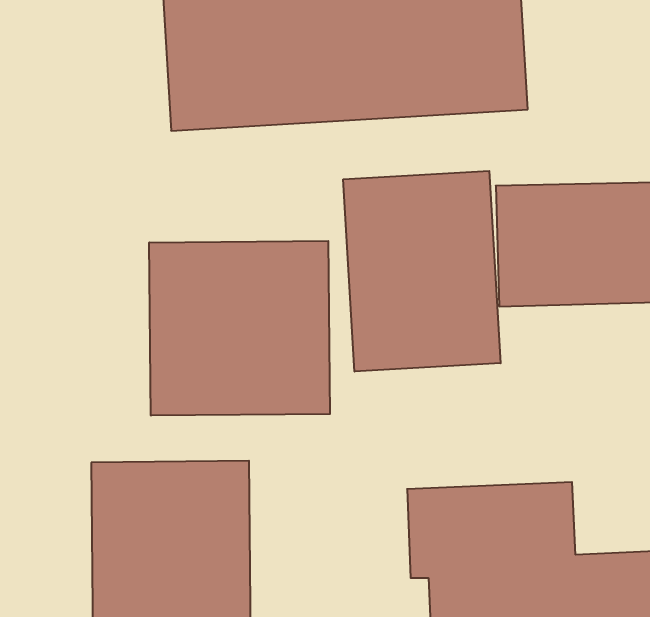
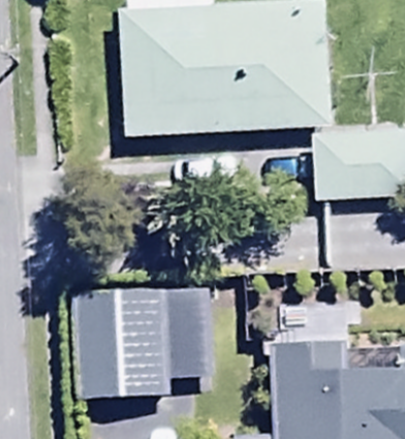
building: [343,171,501,372] -> none
building: [149,241,330,416] -> none

